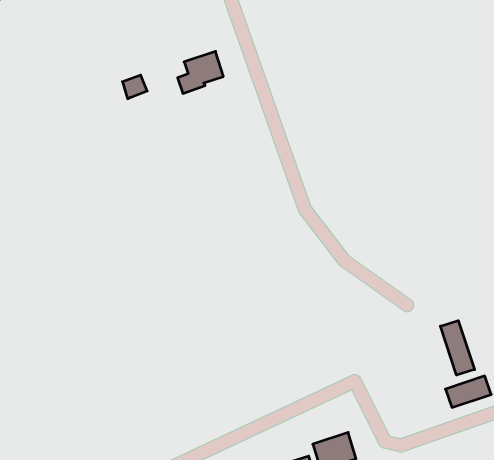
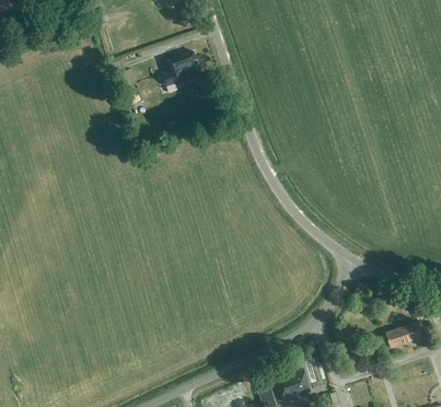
building: [440,321,475,375] -> none

